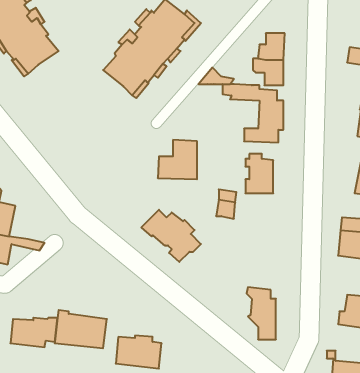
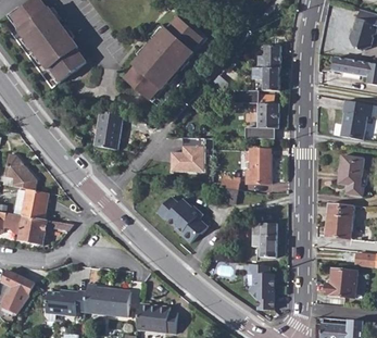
building: none -> [93,109,124,148]
building: none -> [251,221,276,255]

